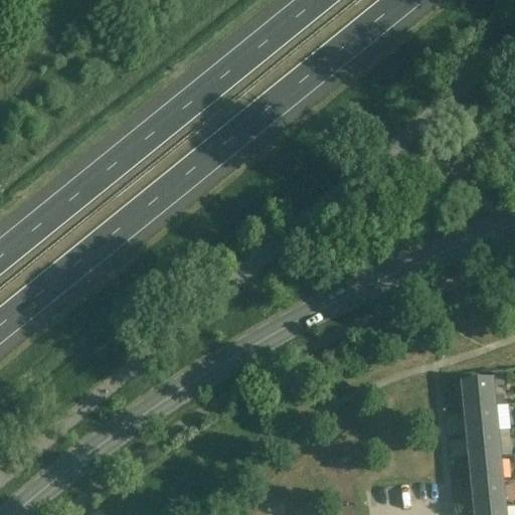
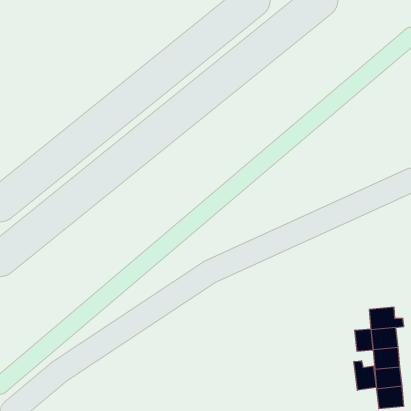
building: none -> [355,329,373,351]
building: none -> [354,361,376,390]

